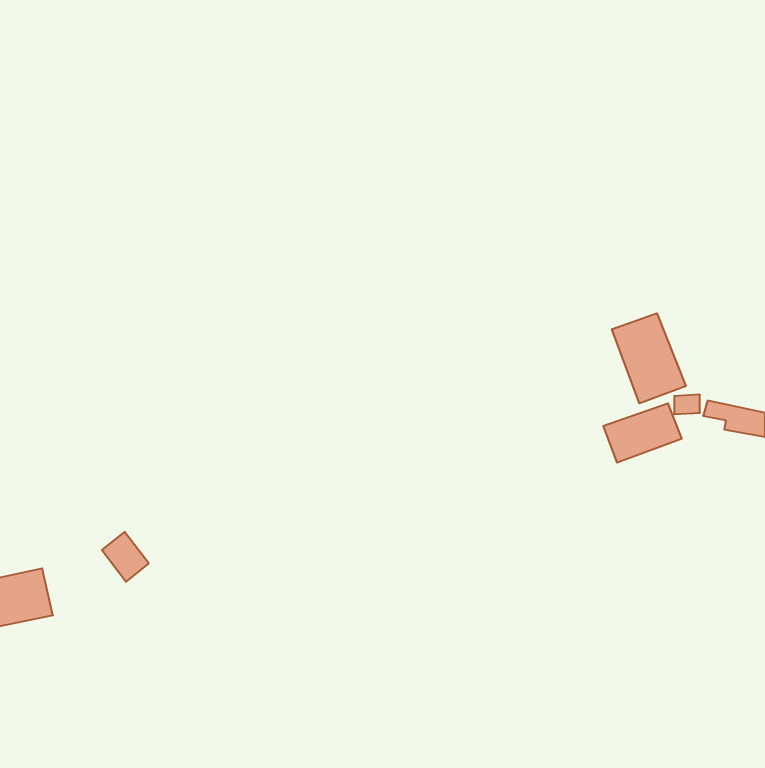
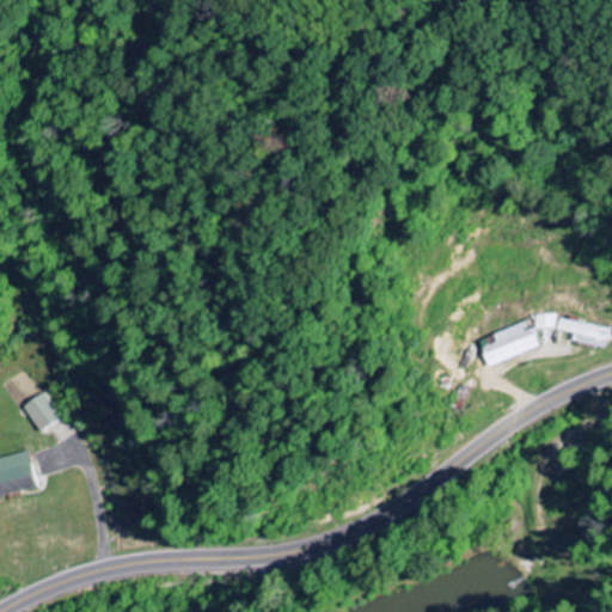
building: [612,313,686,403] -> none
building: [102,532,149,582] -> [23,391,60,430]

